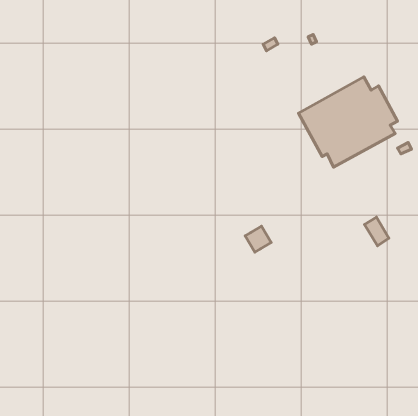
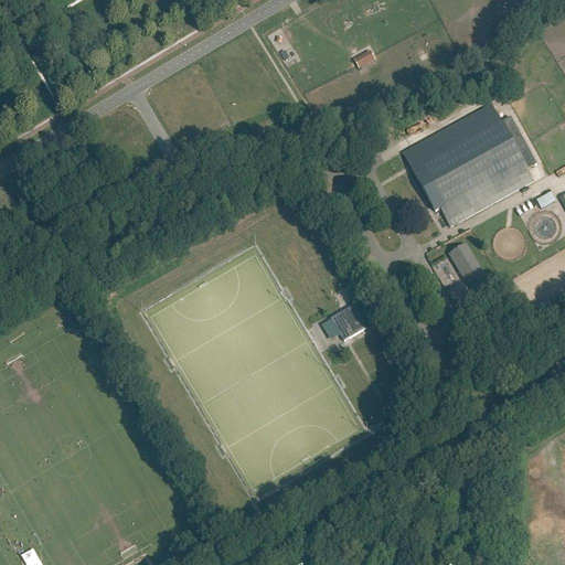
building: [364,217,389,246] -> [448,244,481,282]

